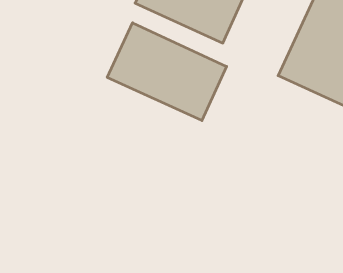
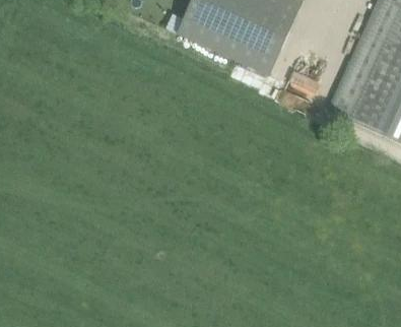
building: [107,23,227,121] -> none

